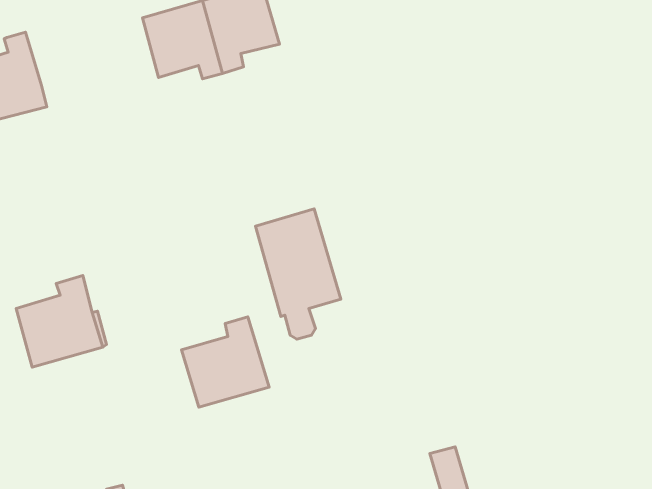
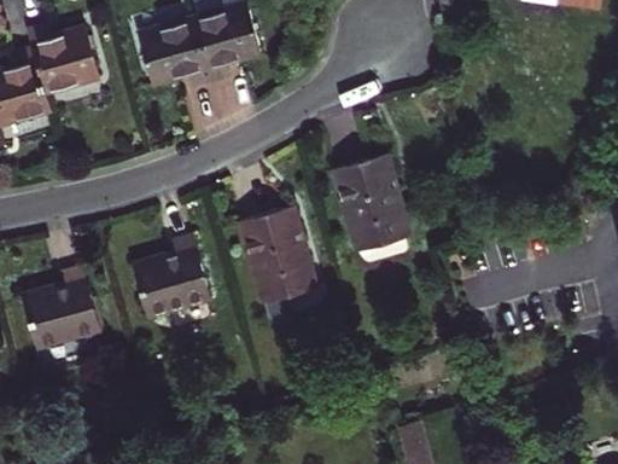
building: none -> [27,23,100,93]
building: none -> [334,153,412,251]
building: [181,317,269,407] -> [133,234,212,317]

